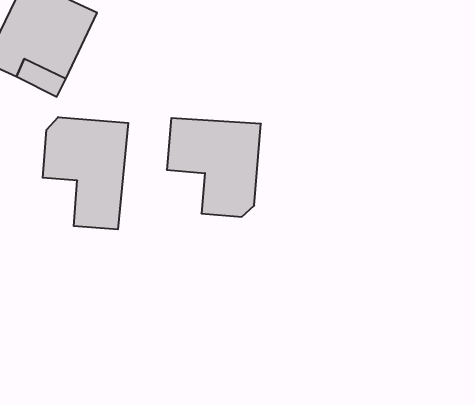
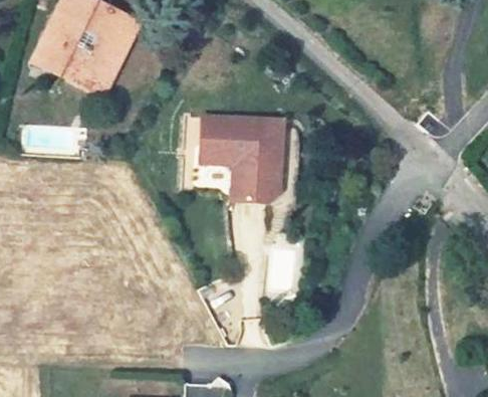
building: [43,117,128,229] -> none

